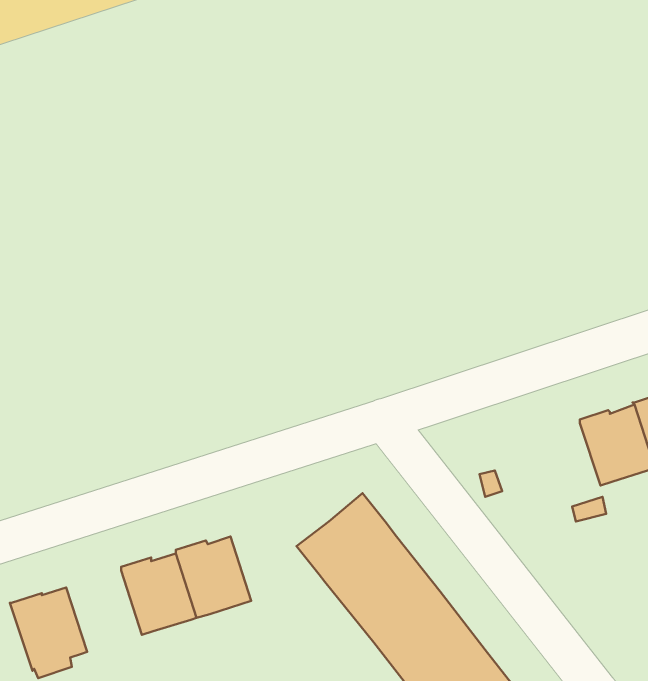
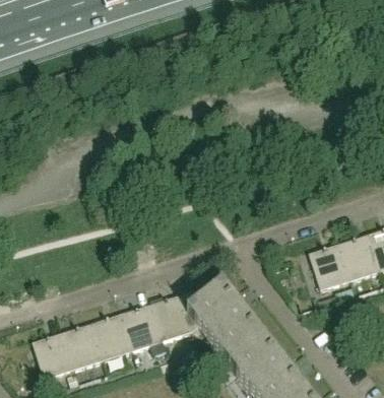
building: none -> [311,246,353,289]
building: none -> [153,289,206,341]
building: none -> [64,325,106,369]

